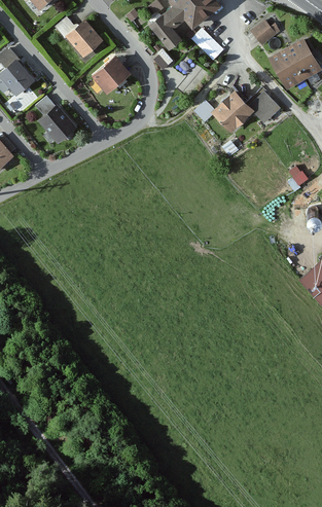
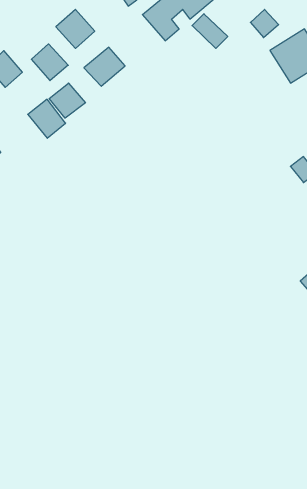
building: none -> [31,44,68,81]
building: none -> [49,83,85,118]
building: [195,92,282,133] -> none

